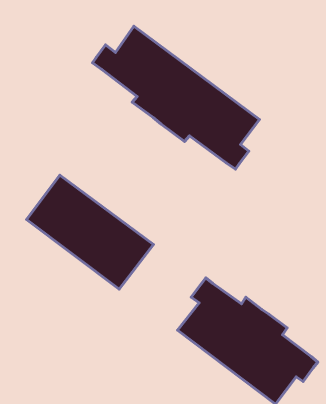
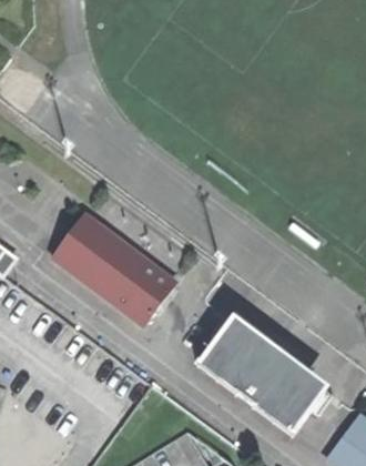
building: [92,26,260,169] -> none

